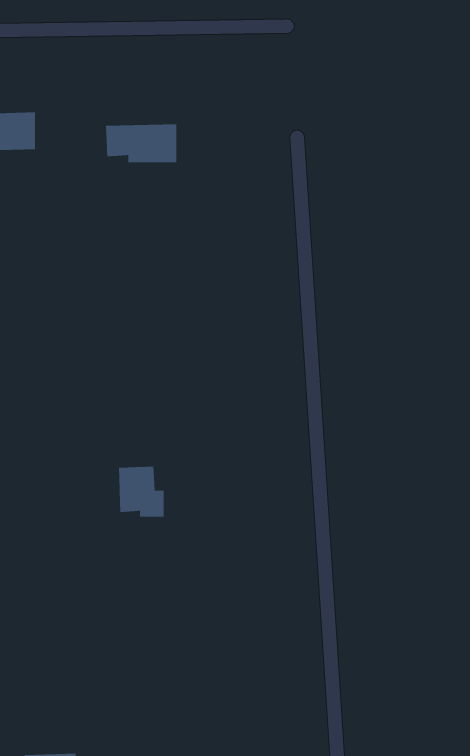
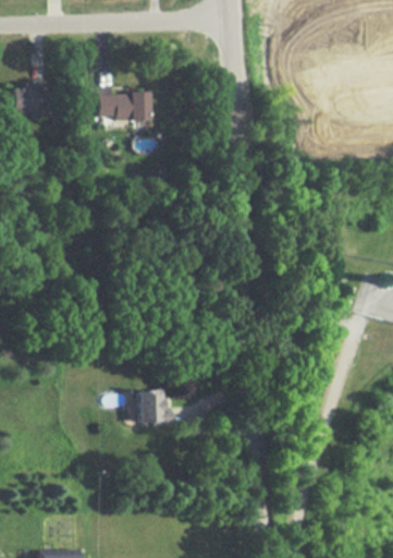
building: [118,466,165,517] -> [137,389,171,426]

